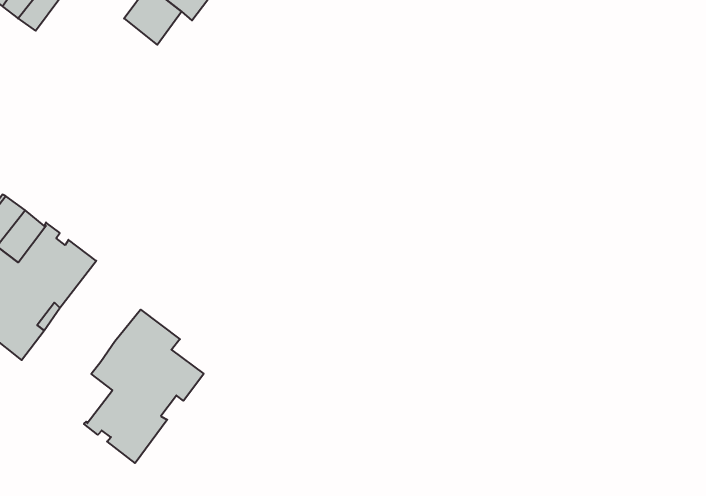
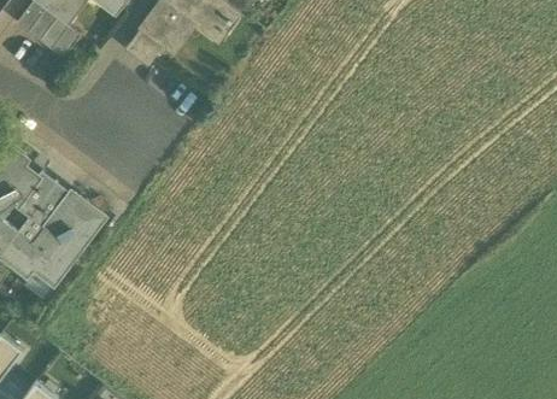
building: [84,310,204,463] -> none

